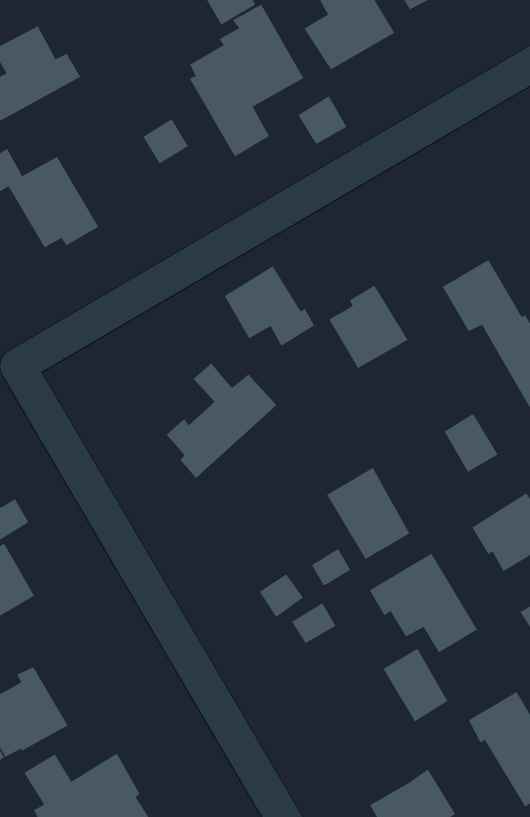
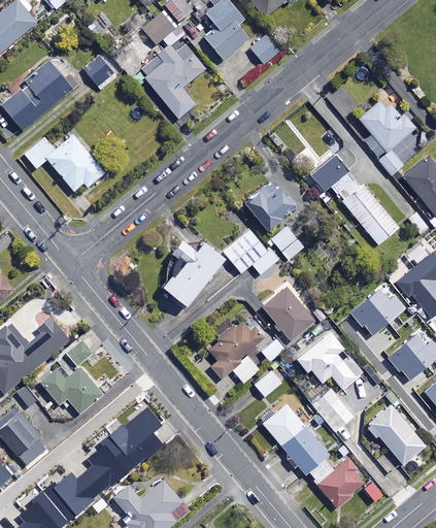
building: [298,96,347,145] -> [249,34,279,64]
building: [143,118,189,164] -> [85,59,112,87]
building: [224,265,315,346] -> [222,228,277,274]
building: [444,413,499,473] -> [270,225,304,260]
building: none -> [209,321,263,377]
building: none -> [108,406,164,466]
building: none -> [263,404,333,484]

